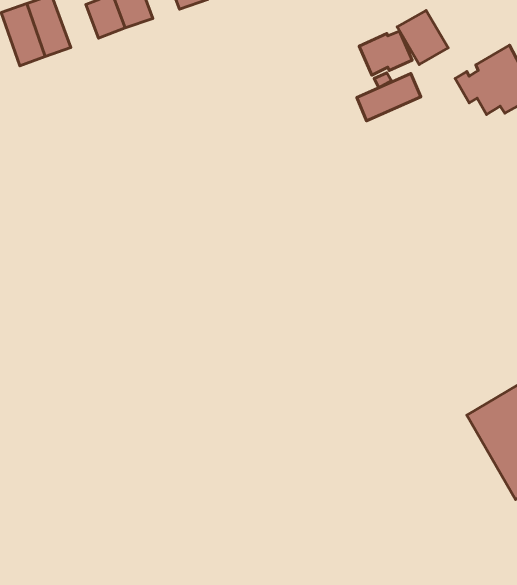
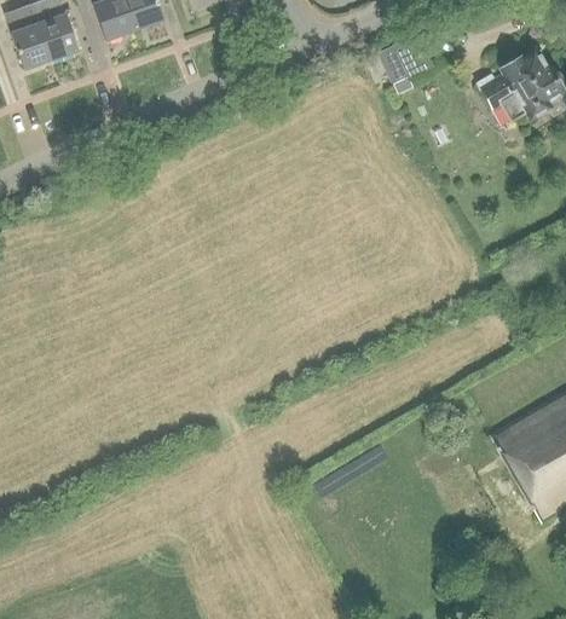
building: [397,10,448,64] -> none
building: [357,74,421,121] -> none

